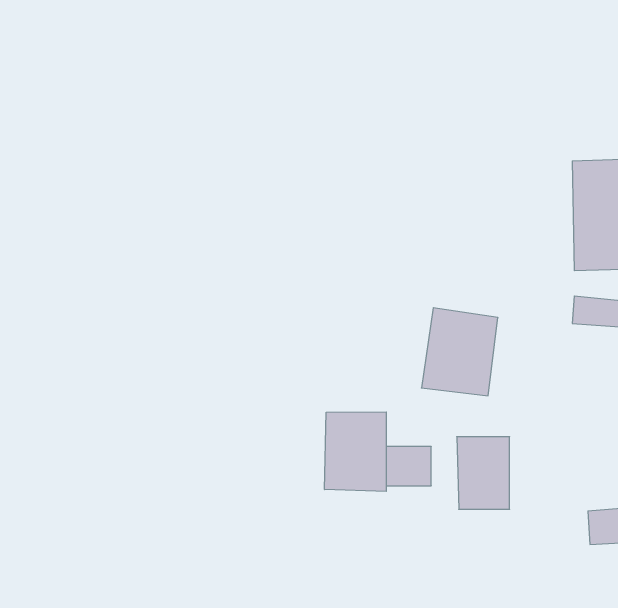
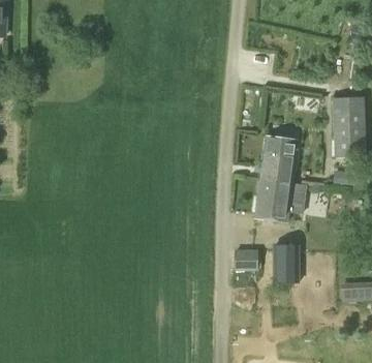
building: none -> [258,134,299,181]
building: [325,412,386,491] -> none

